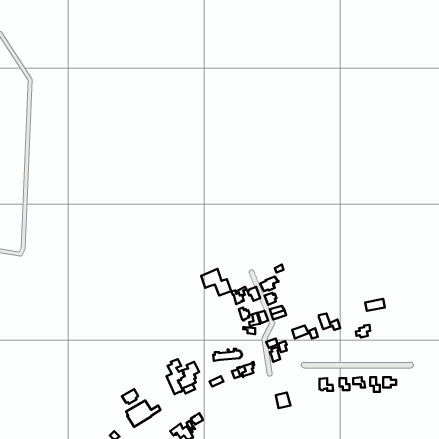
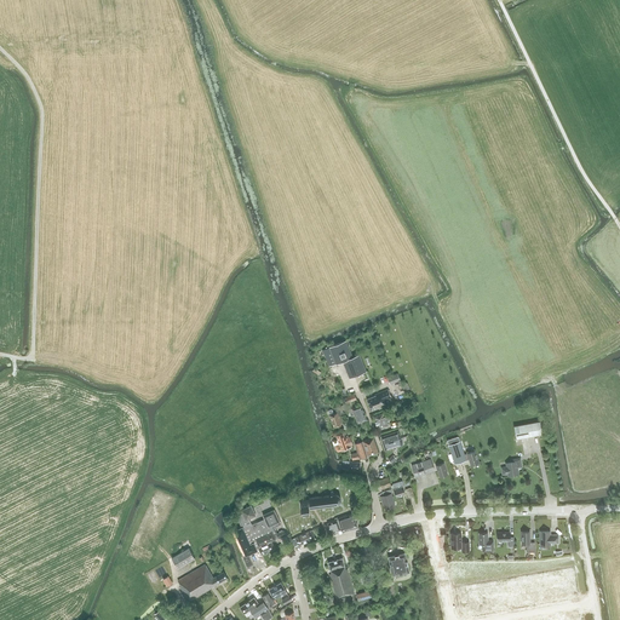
building: [201,269,231,296] -> [323,340,366,378]
building: none -> [328,558,354,601]

